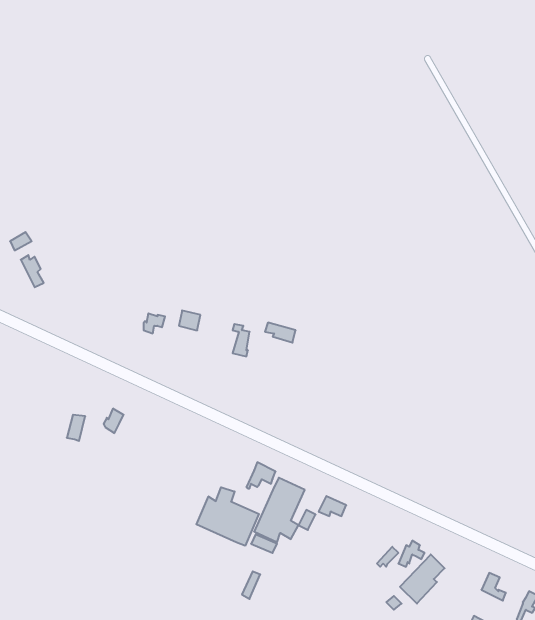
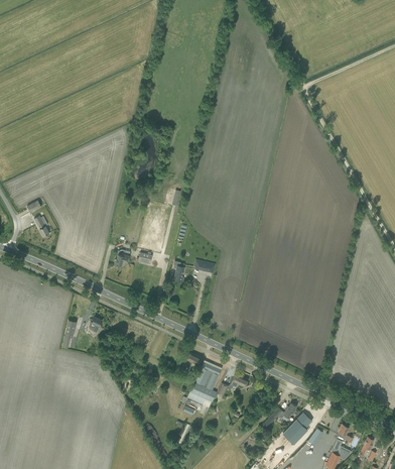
building: [196,487,259,546] -> none

